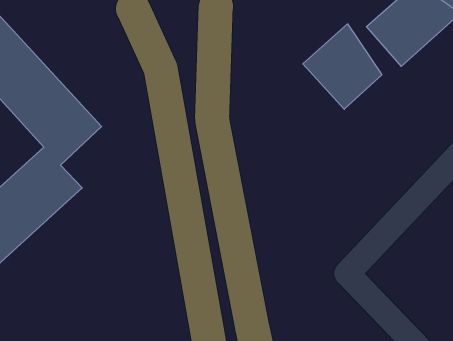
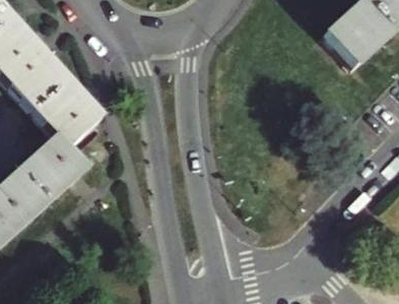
building: [303,24,382,109] -> none

